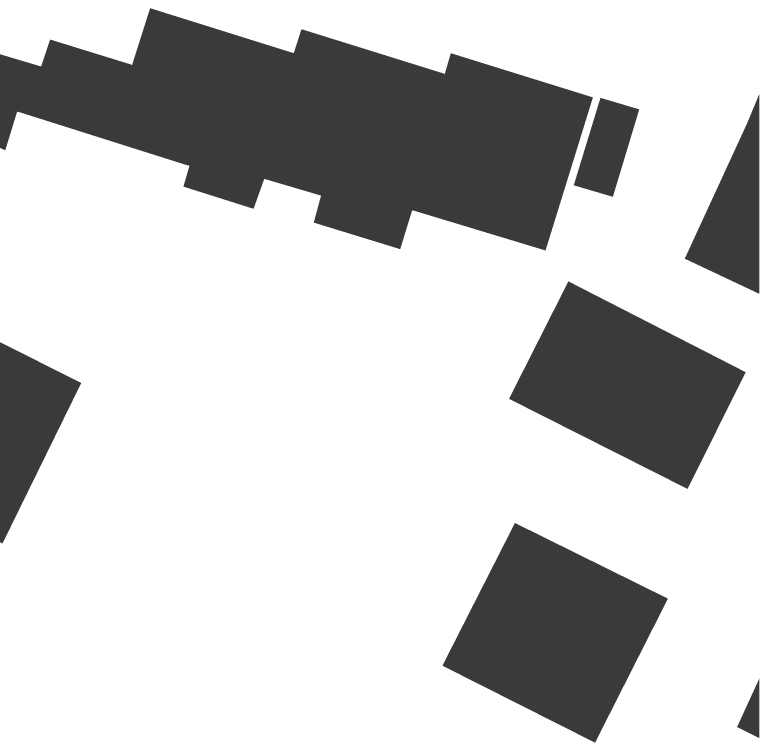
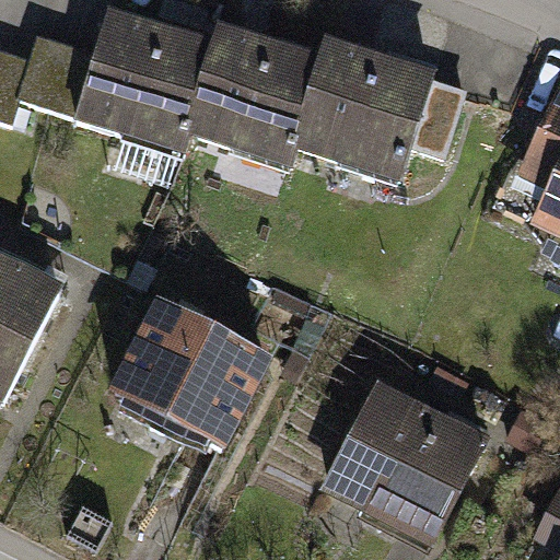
building: [508,280,746,490] -> none
building: none -> [109,305,272,462]

